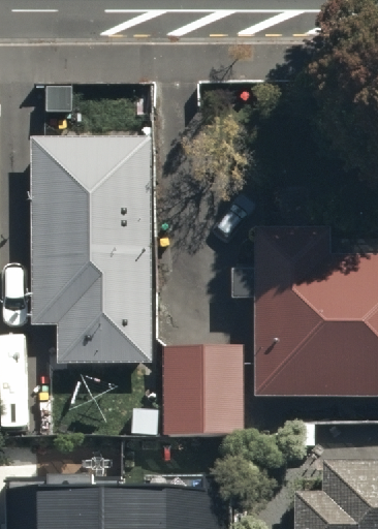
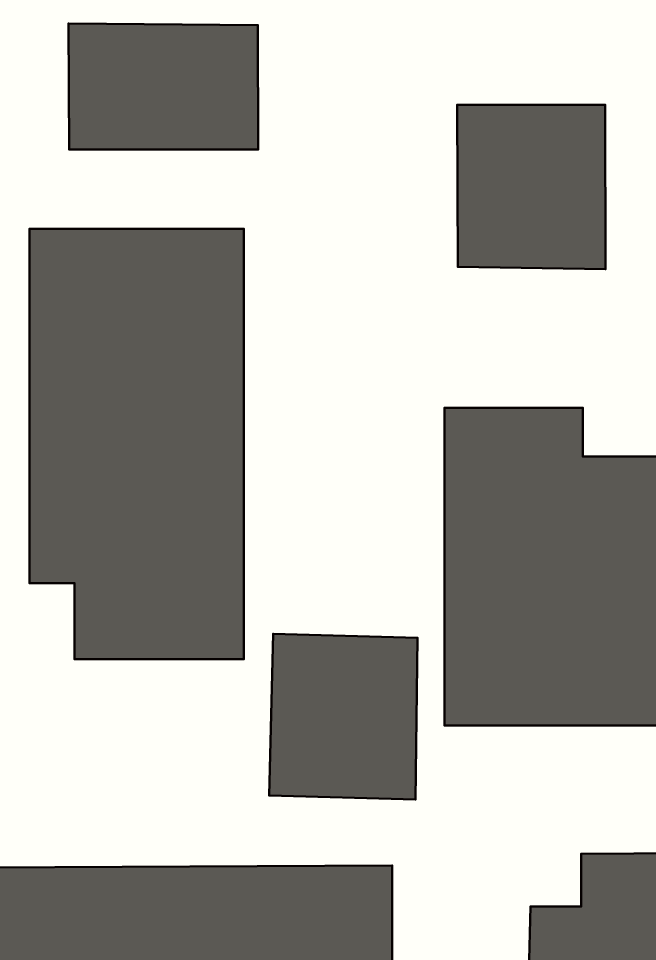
building: none -> [69,23,258,150]
building: none -> [457,105,605,269]

